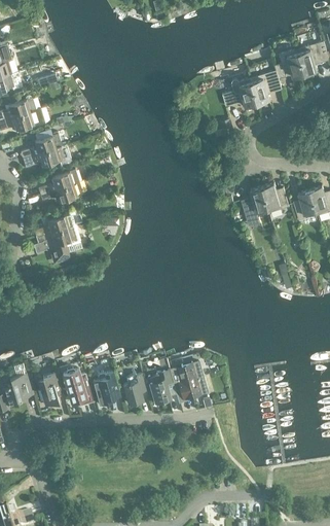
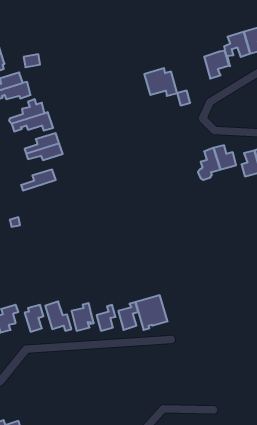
building: [218,74,257,107] -> [144,68,177,96]
building: [32,224,79,257] -> none

